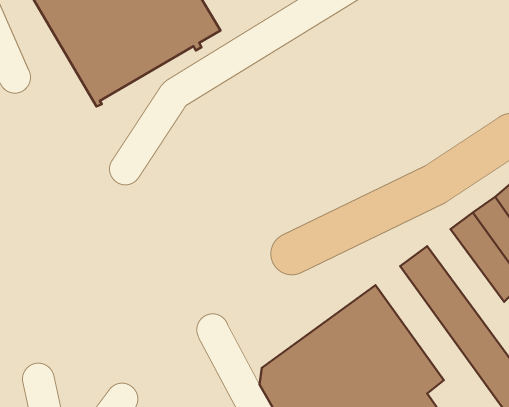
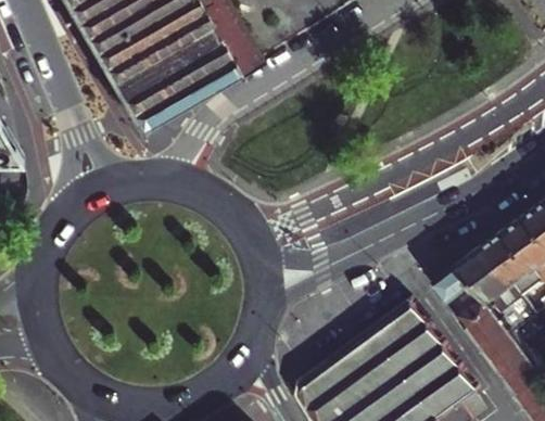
building: none -> [462,247,537,334]

